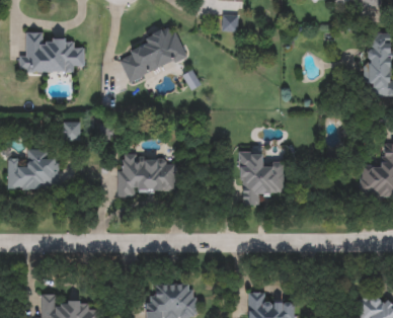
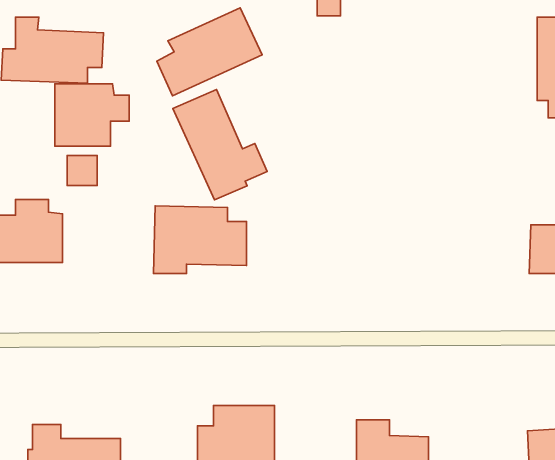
building: none -> [55,84,129,146]
building: none -> [173,89,267,200]
building: [239,151,284,204] -> none

